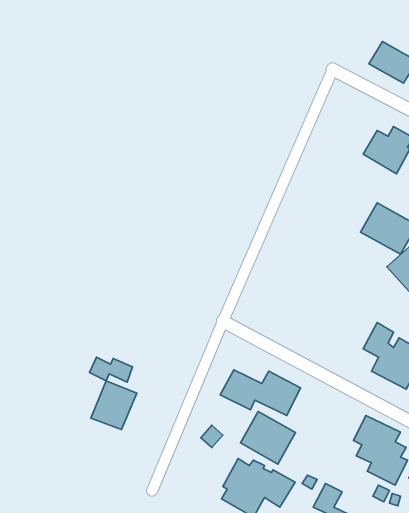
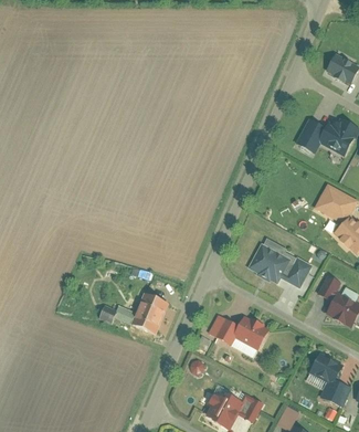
building: none -> [297,117,325,150]
building: none -> [250,235,314,286]
building: [91,381,137,429] -> [130,293,167,331]
building: [241,411,295,464] -> none

